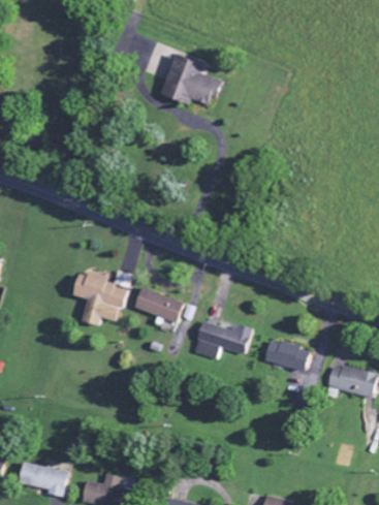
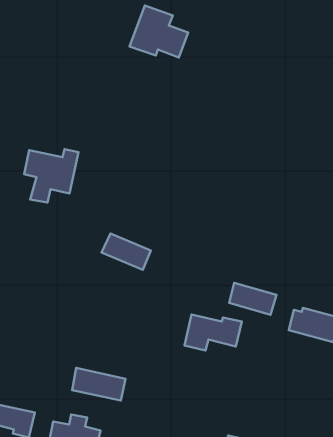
building: [73,271,129,325] -> [24,149,79,202]
building: [193,320,252,357] -> [184,314,242,351]
building: none -> [72,368,125,401]

